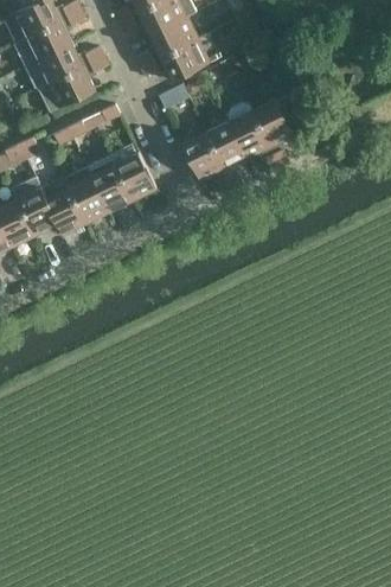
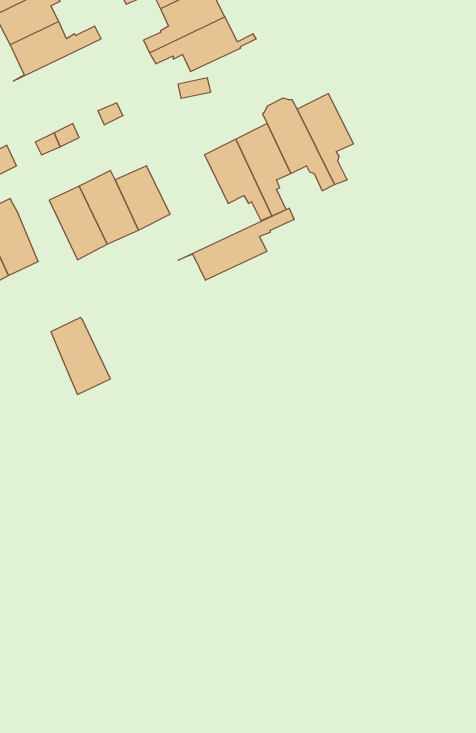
building: [37,56,108,113] -> none
building: [40,177,85,235] -> [51,318,110,394]
building: none -> [178,208,294,280]

